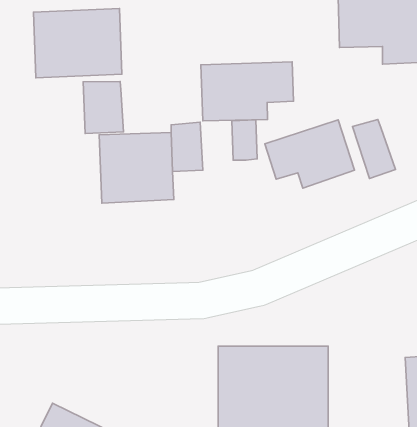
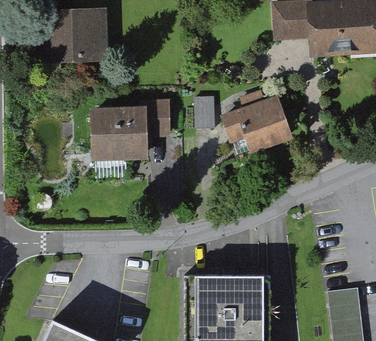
building: [201,62,294,121] -> none
building: [83,81,124,133] -> none
building: [352,119,395,178] -> none

